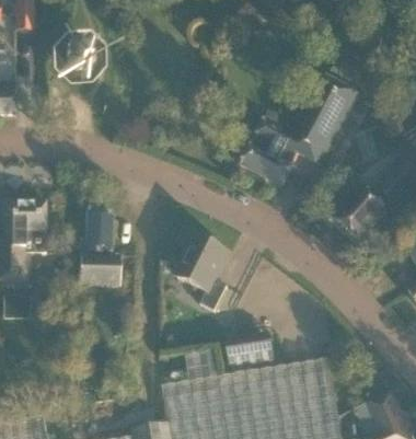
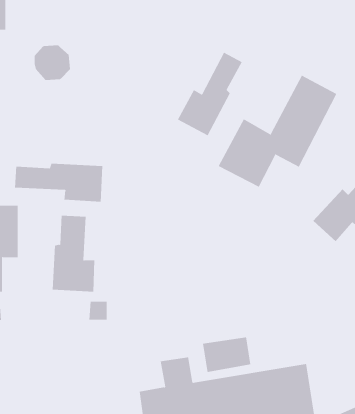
building: none -> [177,52,242,136]
building: none -> [15,163,103,203]
building: [176,235,227,311] -> none

